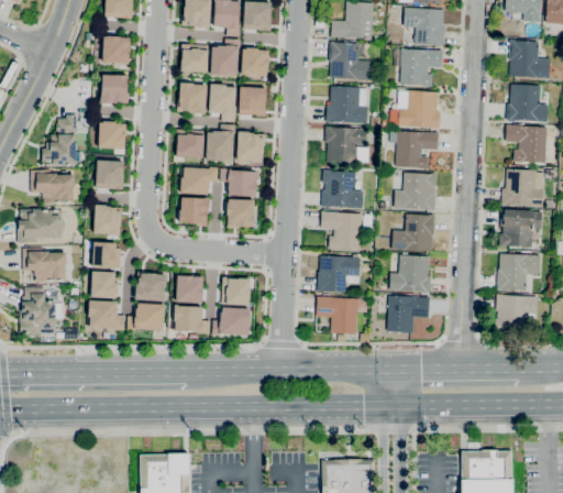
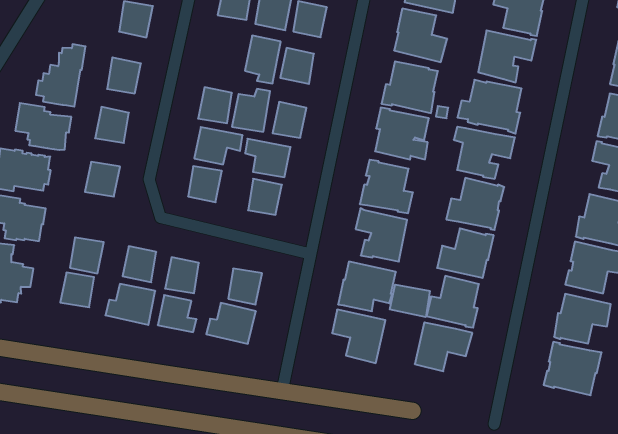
building: [179,86,203,111] -> none
building: [93,241,118,267] -> none
building: none -> [390,285,430,317]

